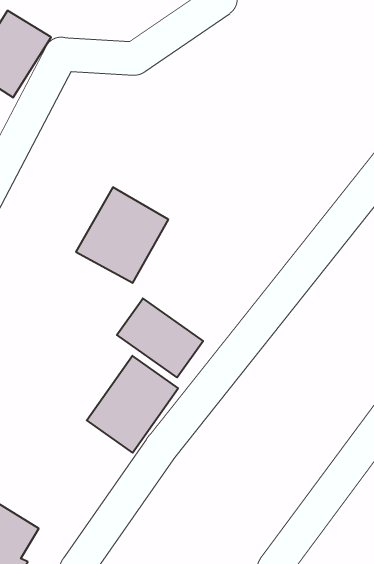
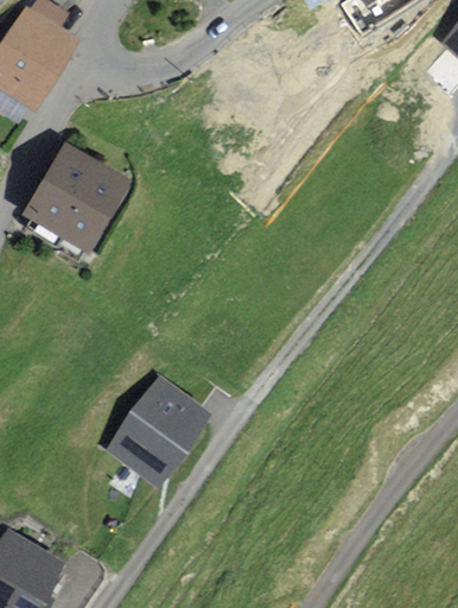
building: [76,187,168,283] -> [30,145,128,247]
building: [117,298,203,377] -> none

